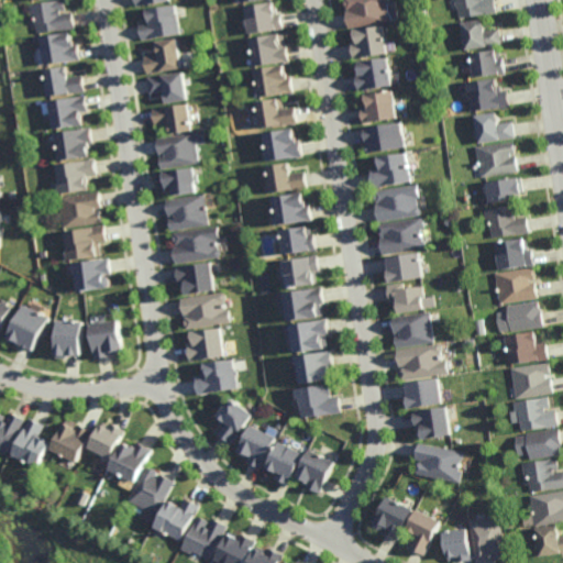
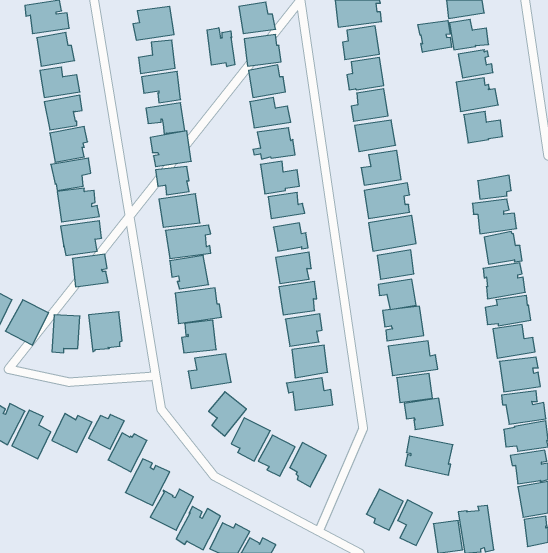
building: none -> [418,20,452,52]
building: none -> [207,28,235,67]
building: [473,142,515,177] -> none

